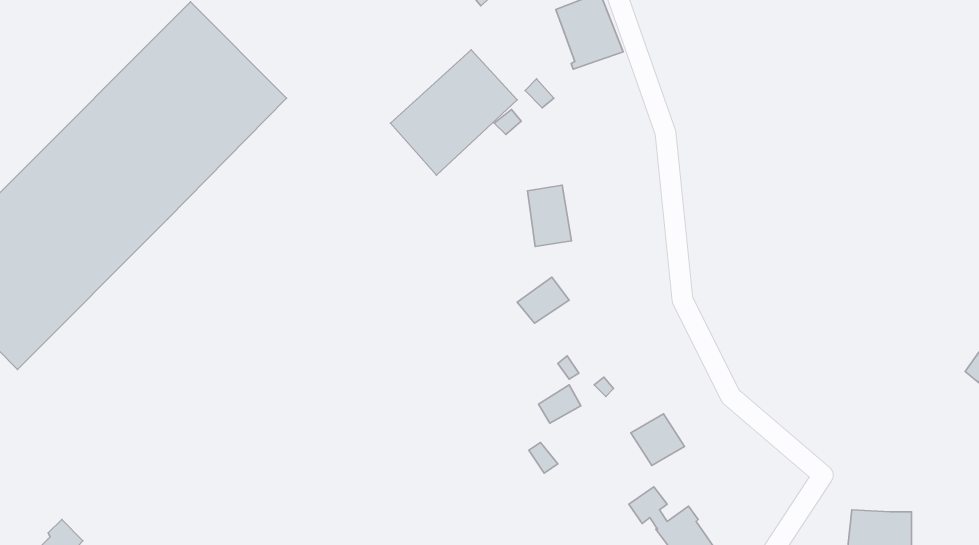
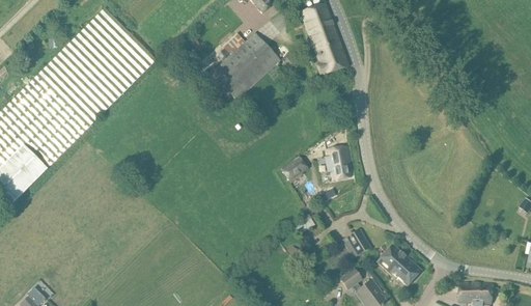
building: none -> [310,34,348,75]
building: [527,185,572,247] -> [328,145,352,178]
building: none -> [376,244,421,285]

